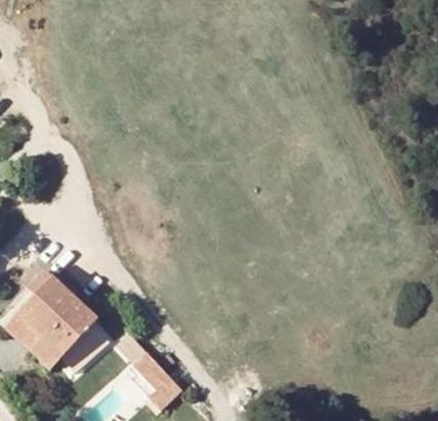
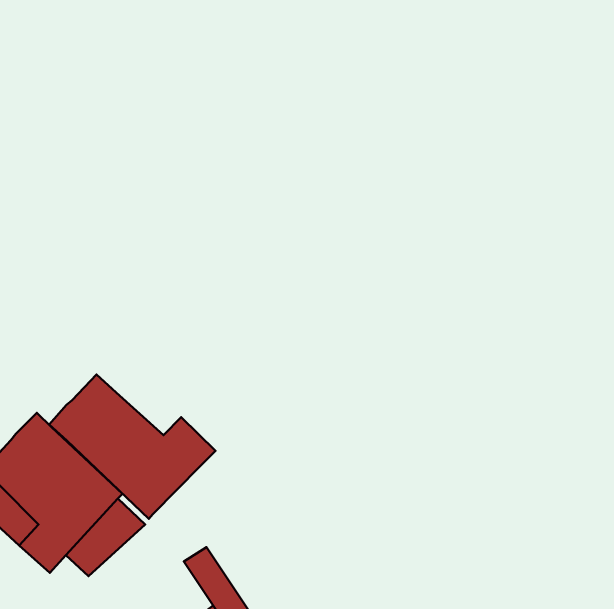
building: none -> [49,375,215,519]

